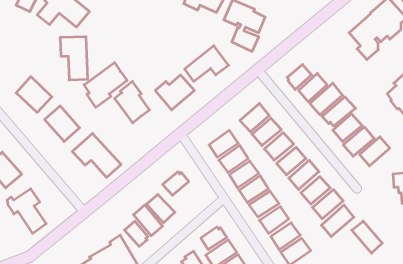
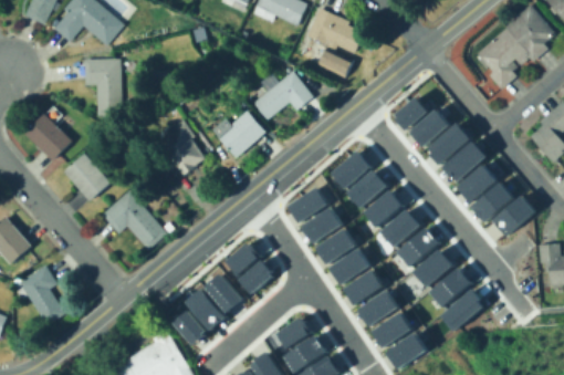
building: [84,63,127,107] -> none
building: none -> [238,260,271,294]
building: [352,221,382,253] -> none

